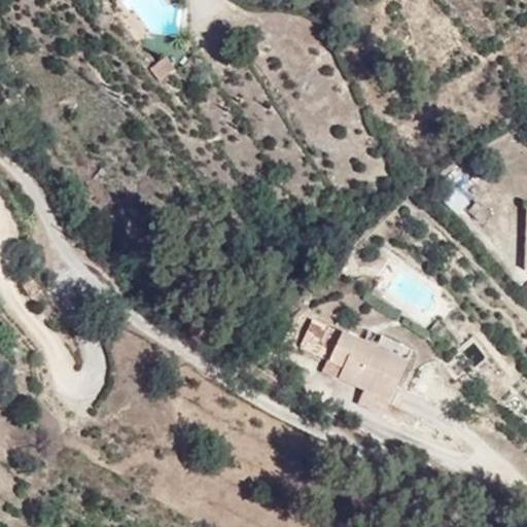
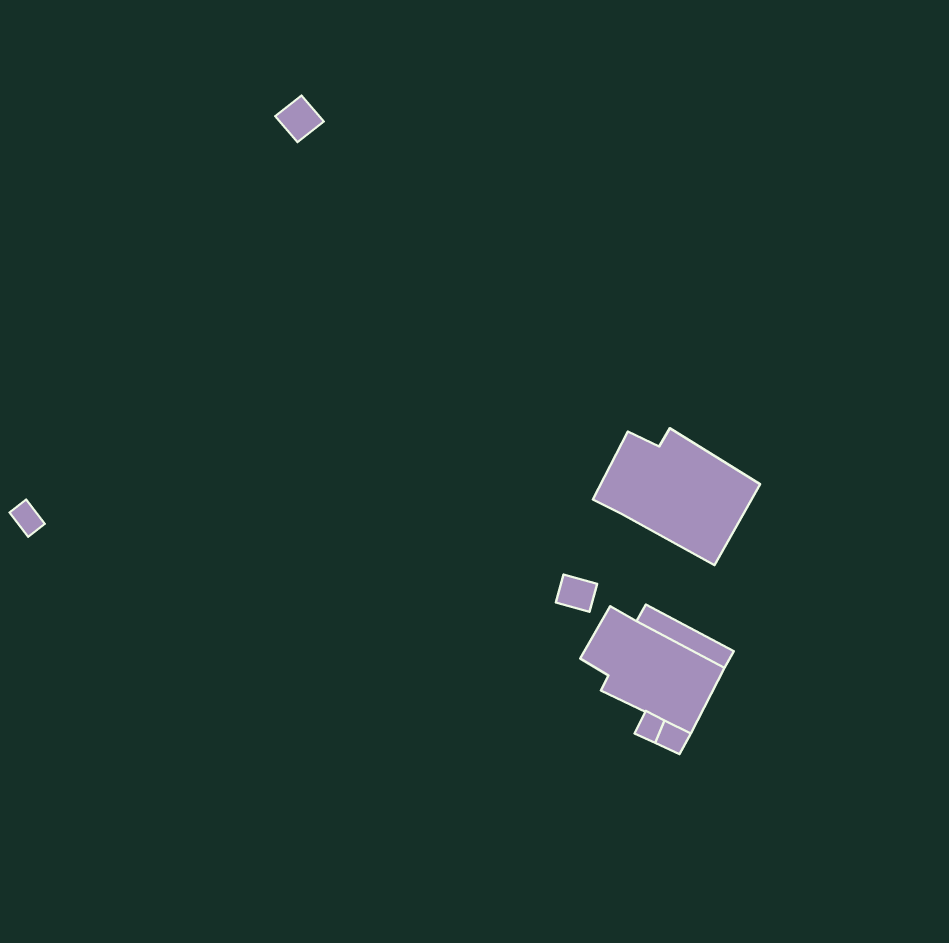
building: none -> [593,428,760,565]

